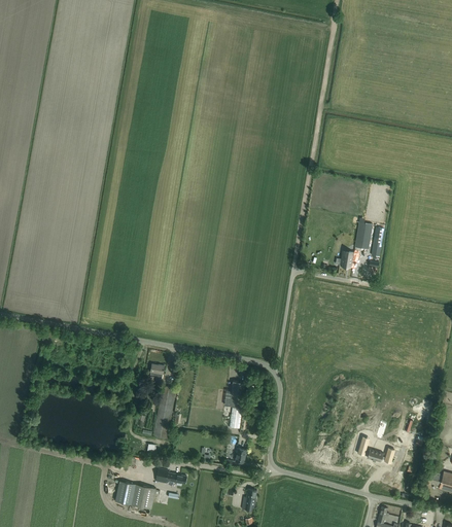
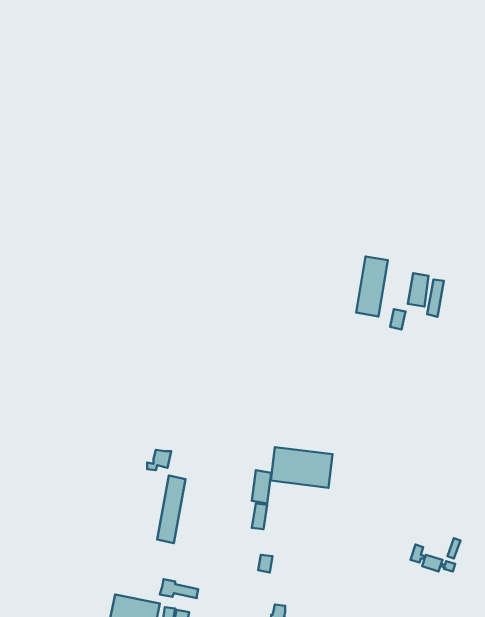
building: none -> [356,257,388,316]
building: none -> [271,447,333,488]

